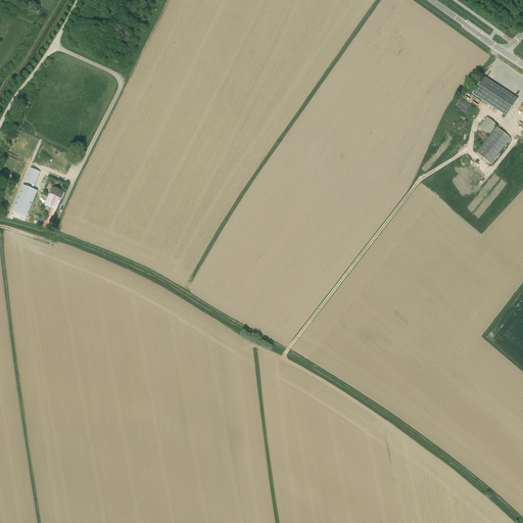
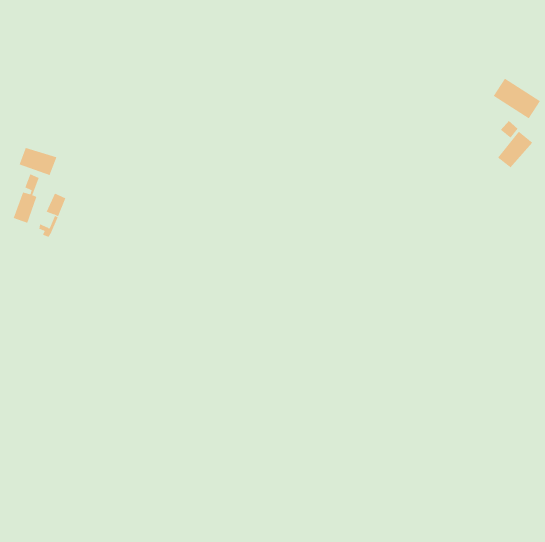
building: none -> [19,147,57,176]

